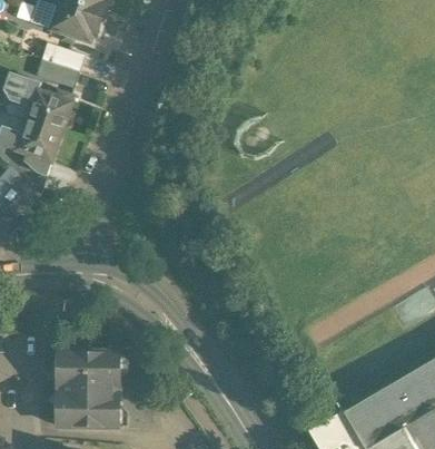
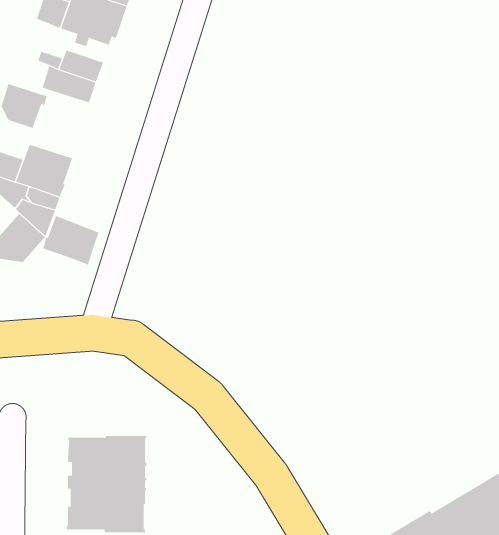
building: [27,88,72,130] -> none
building: none -> [42,215,99,266]

